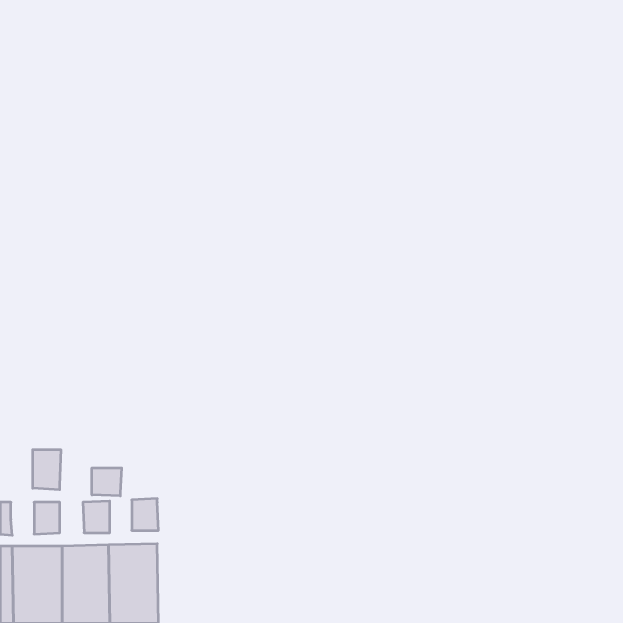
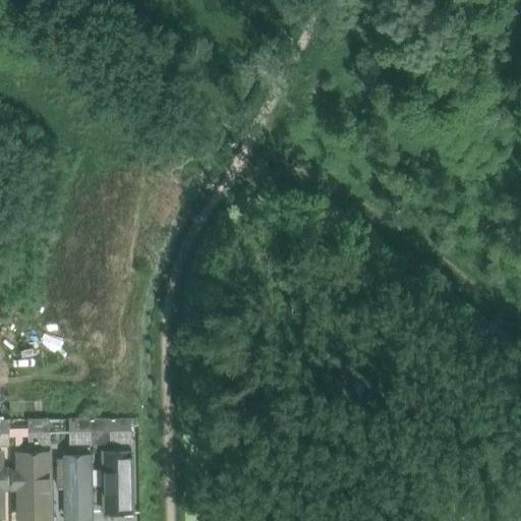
building: [33,450,61,490] -> none
building: [92,468,122,496] -> none

